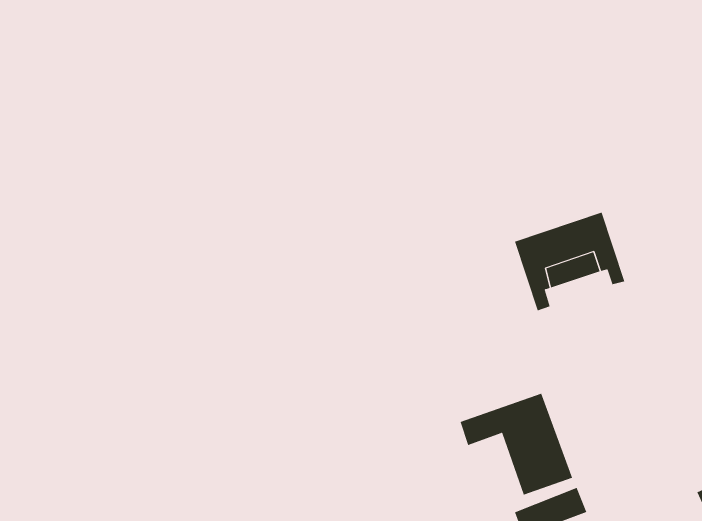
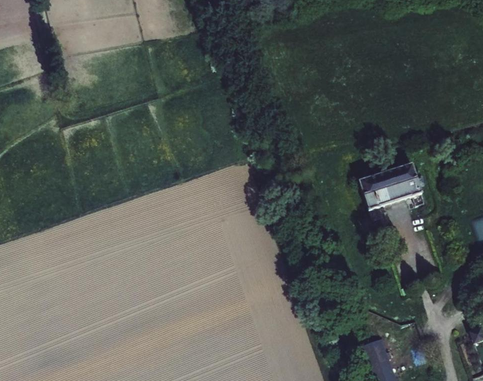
building: [460,393,573,496] -> none

